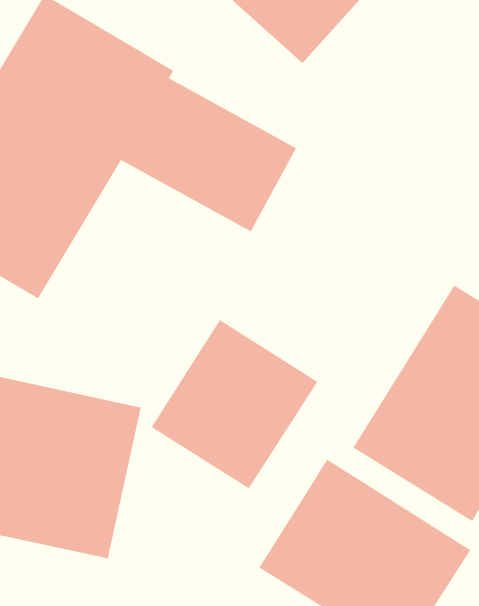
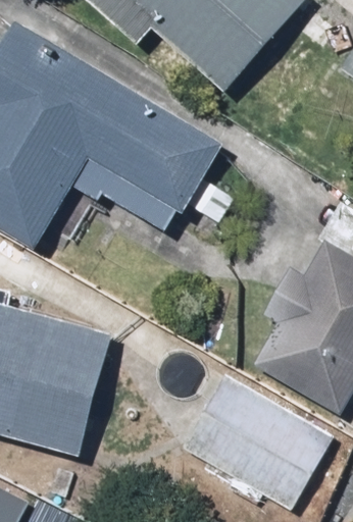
building: [151,319,318,489] -> none

